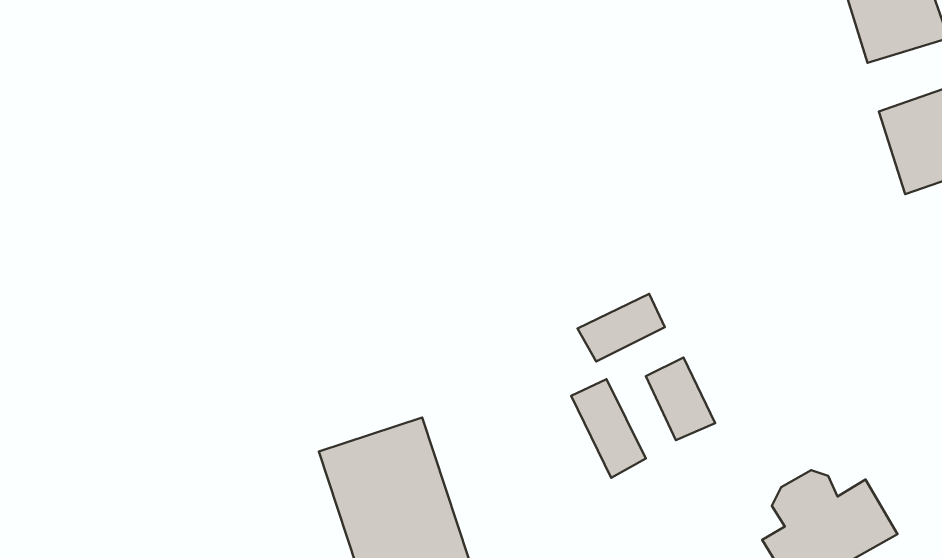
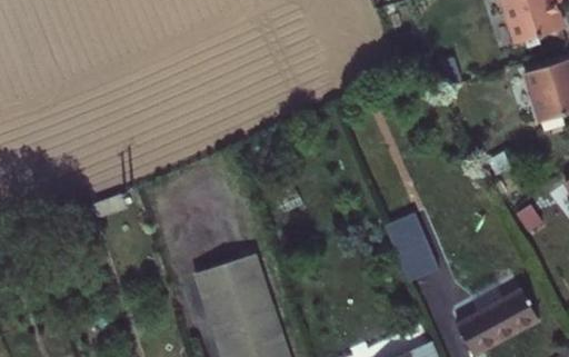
building: [578,294,665,362] -> none
building: [571,379,646,478] -> none

